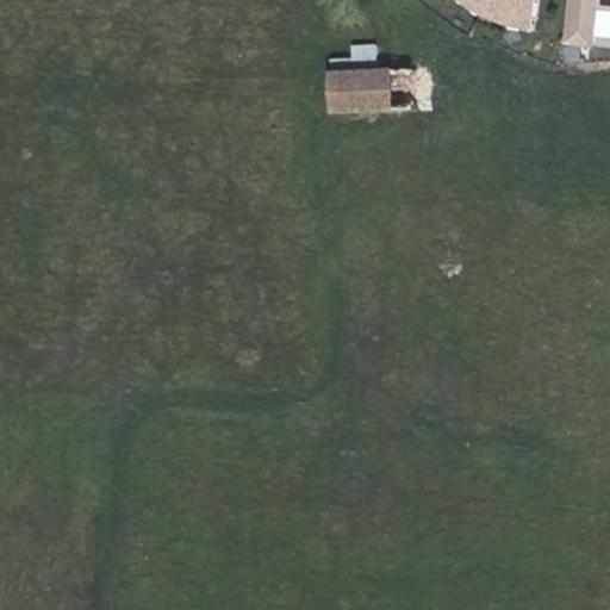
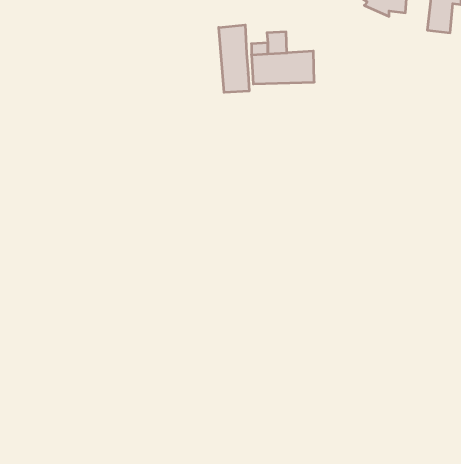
building: none -> [219,25,249,92]

